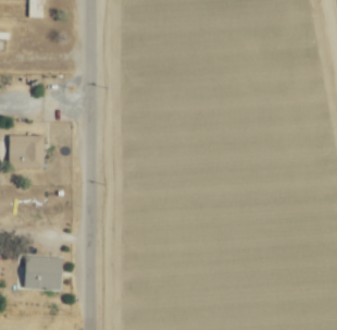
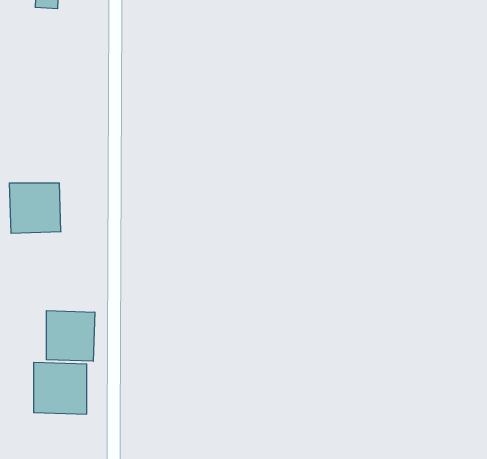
building: none -> [47,311,95,361]

